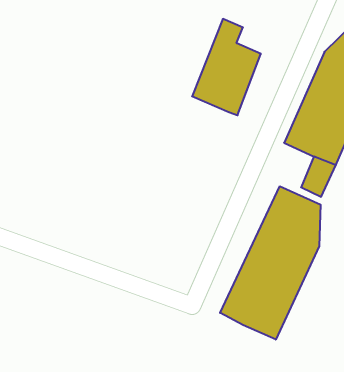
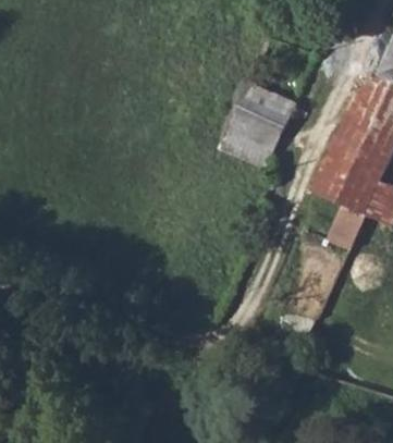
building: [220,186,321,340] -> none

